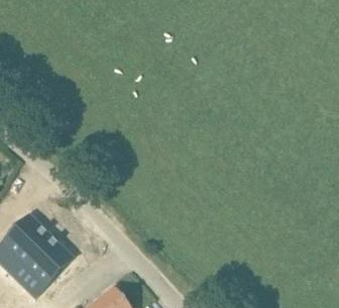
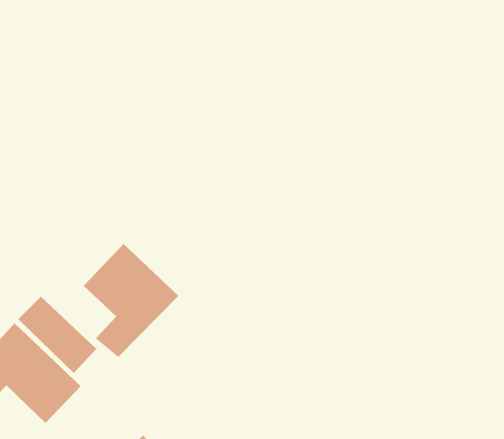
building: none -> [83,243,179,358]

